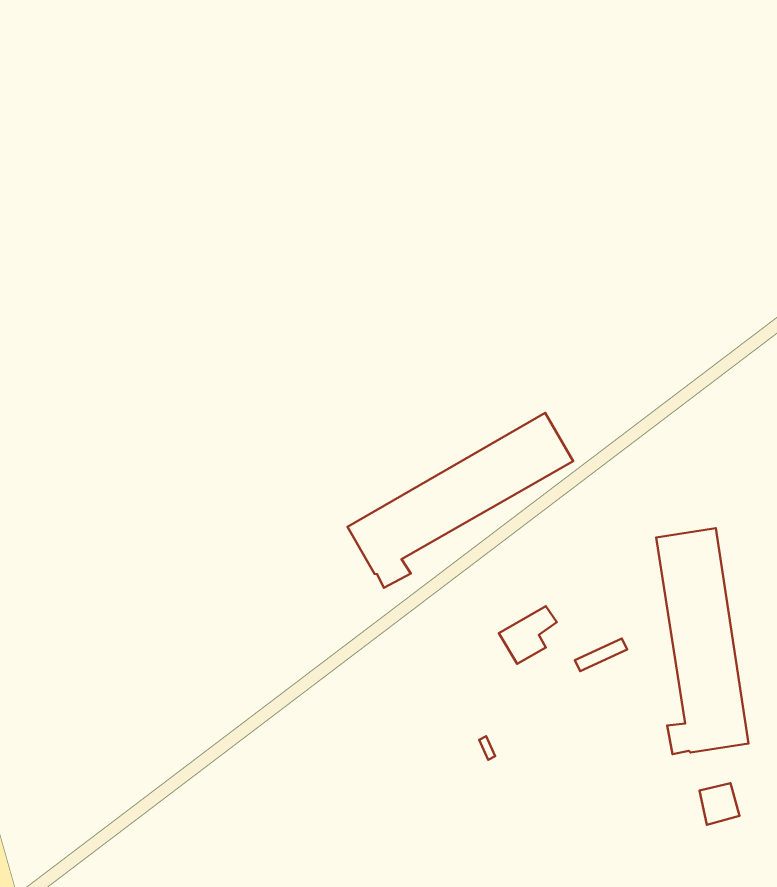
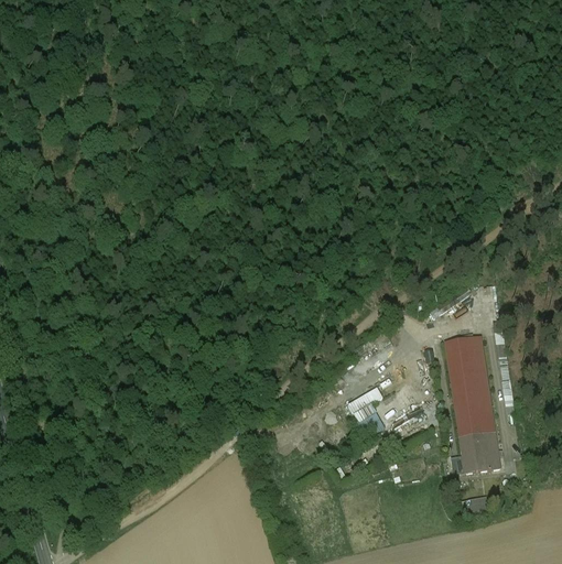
building: [348,413,573,588] -> none

